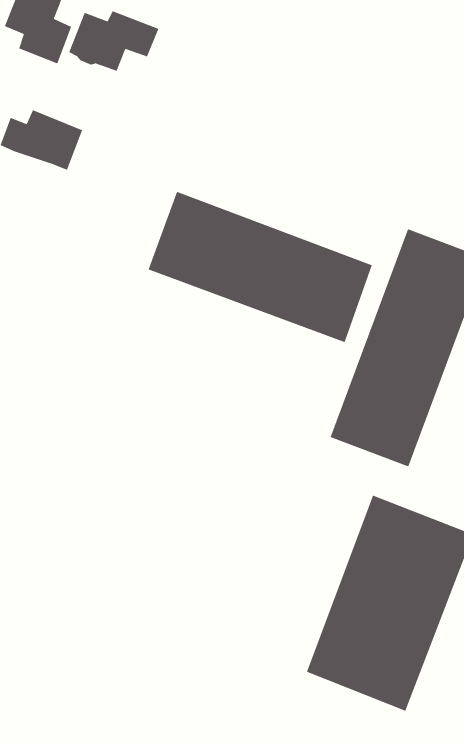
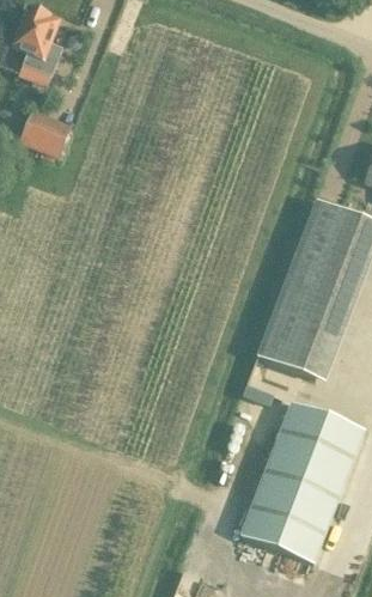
building: [68,10,160,72] -> none
building: [148,191,373,343] -> none

